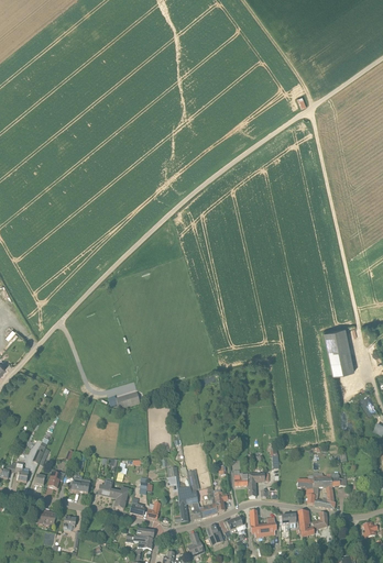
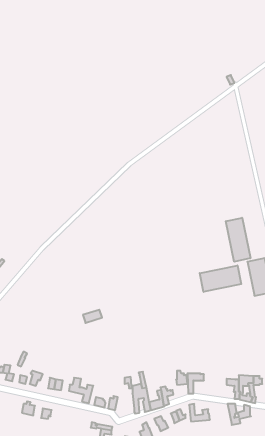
building: none -> [226,218,250,262]
building: none -> [200,265,241,292]

